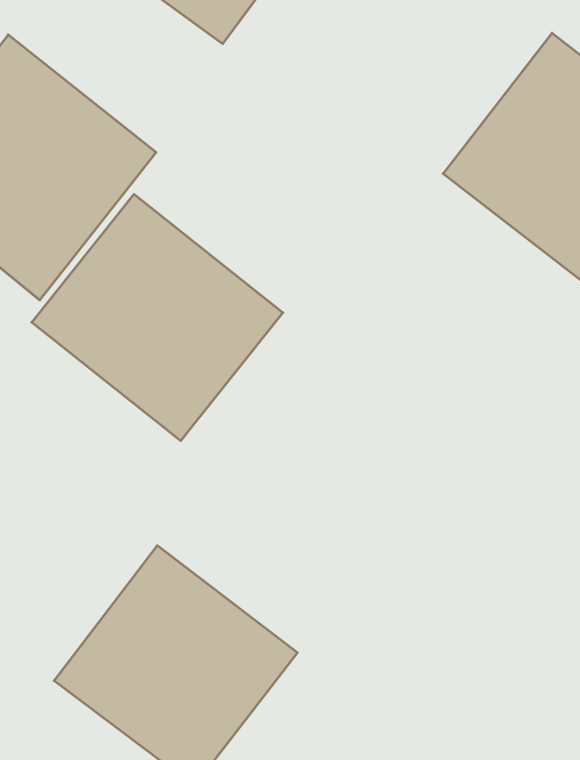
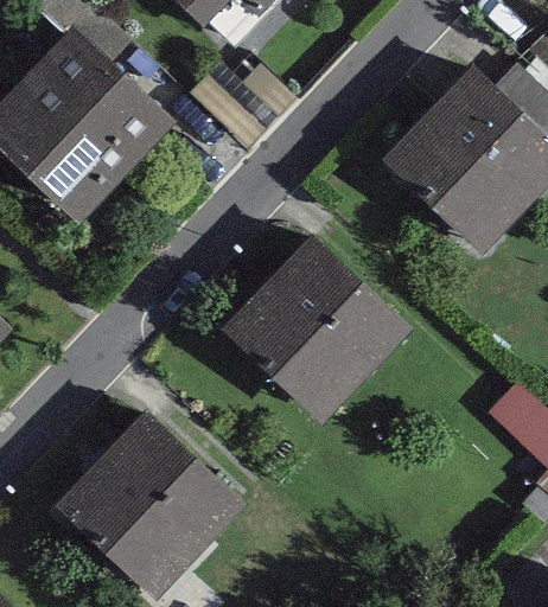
building: [32,194,283,441] -> none
building: none -> [222,232,410,420]

